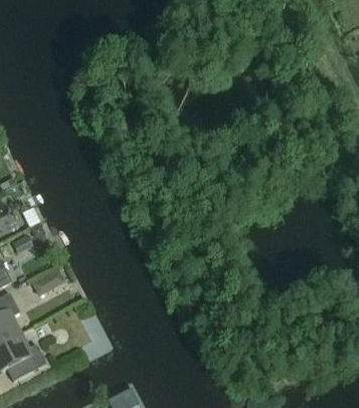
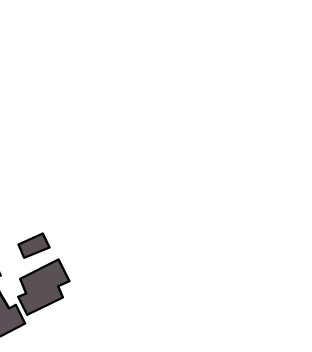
building: none -> [18,260,69,315]

